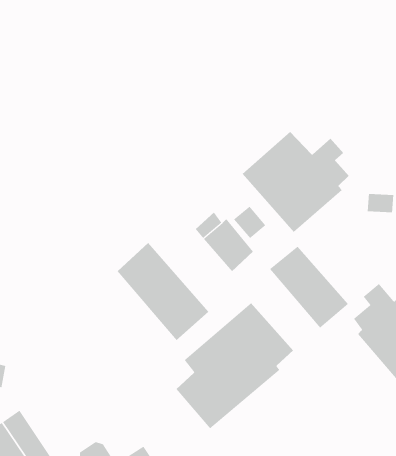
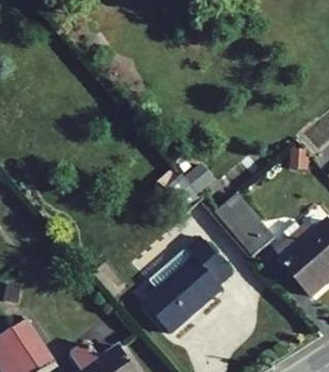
building: [242,131,349,233] -> none
building: [117,242,209,341] -> none

